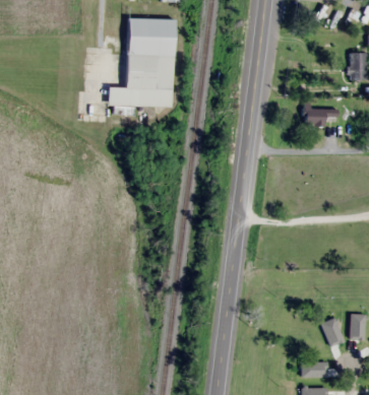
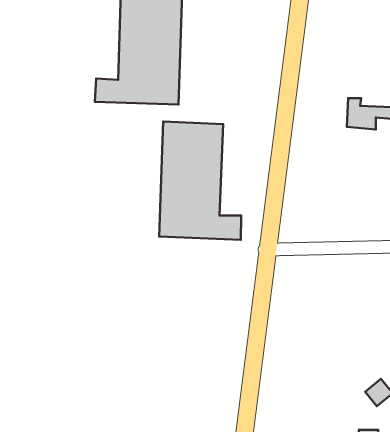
building: none -> [159,121,241,240]

